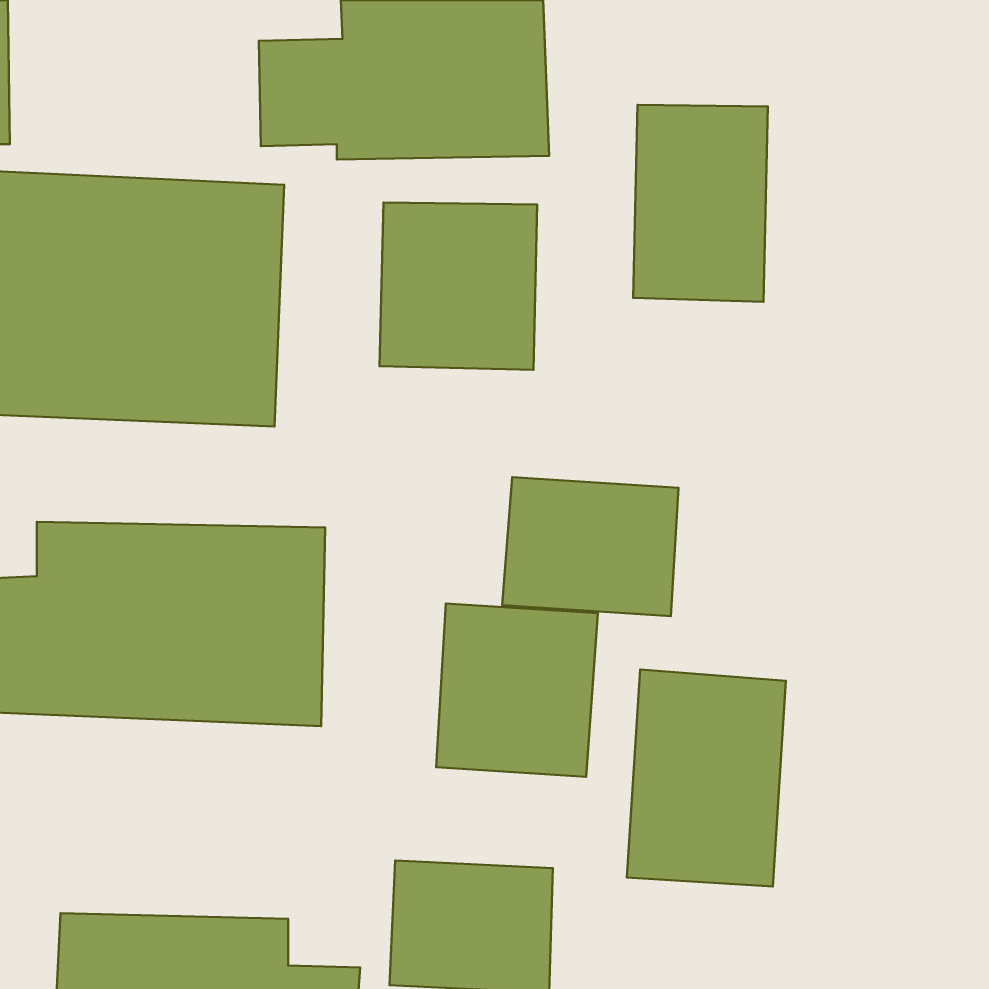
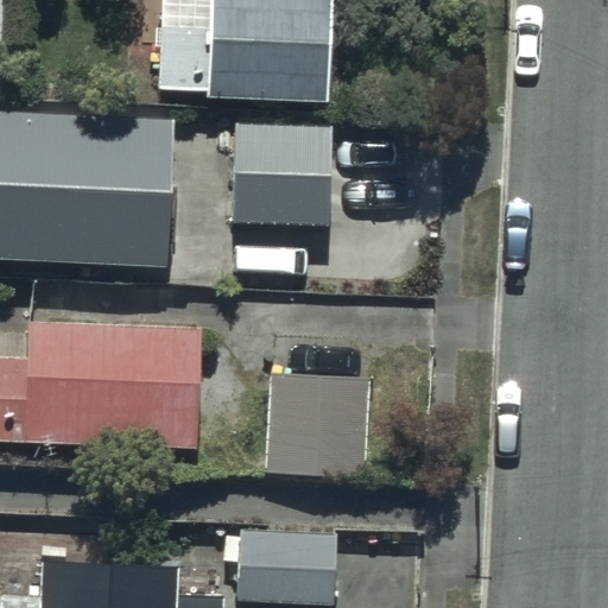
building: [633,105,768,302] -> none
building: [502,477,679,616] -> none
building: [627,669,786,886] -> none

